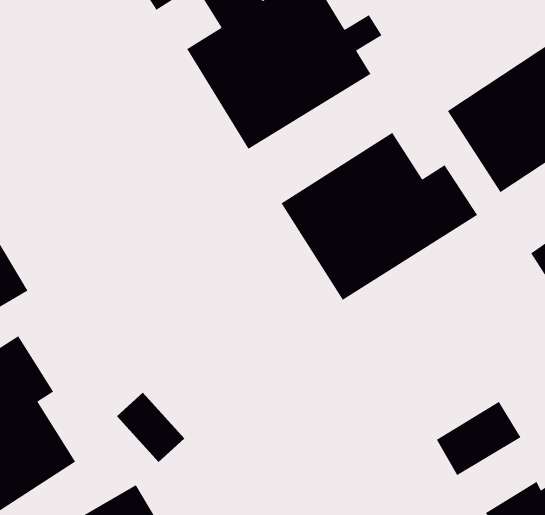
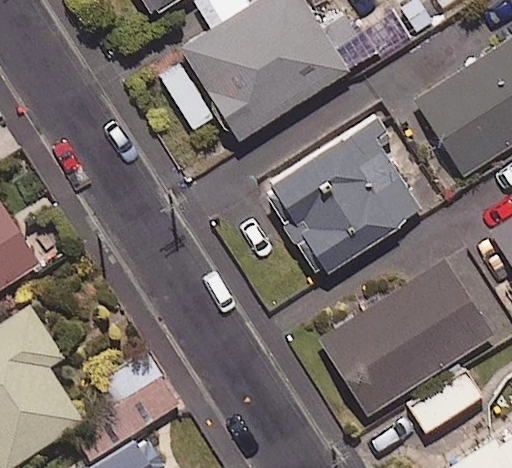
building: none -> [321,261,492,414]

